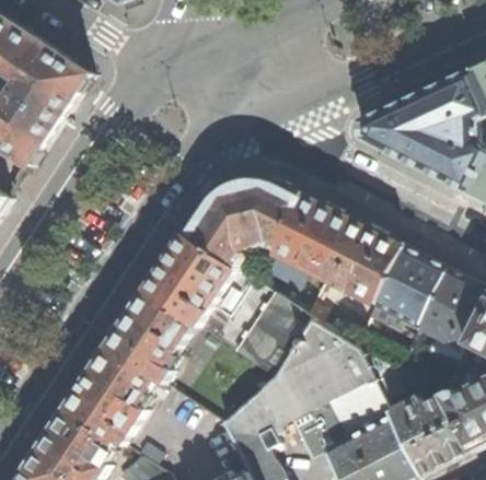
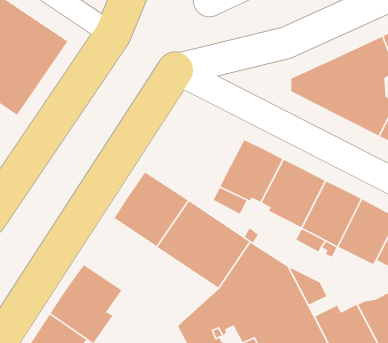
building: [182,177,302,270] -> none
building: [107,292,193,384] -> none

